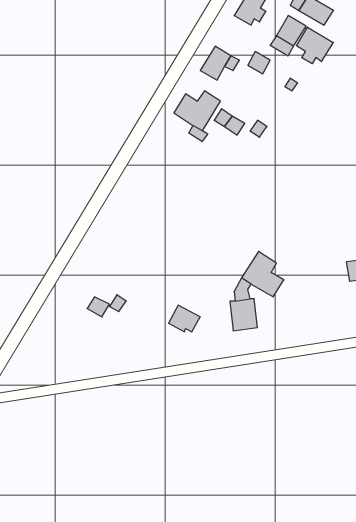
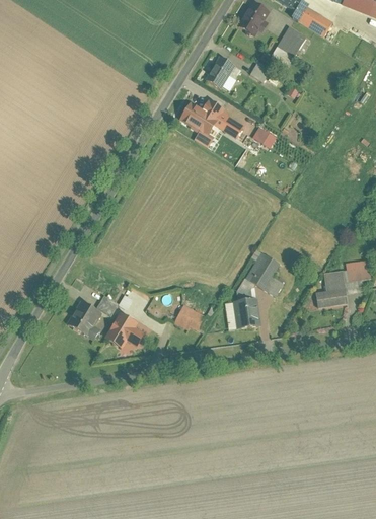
building: [296,27,333,64] -> none
building: none -> [315,270,348,307]
building: none -> [66,300,101,340]
building: none -> [104,312,145,348]

